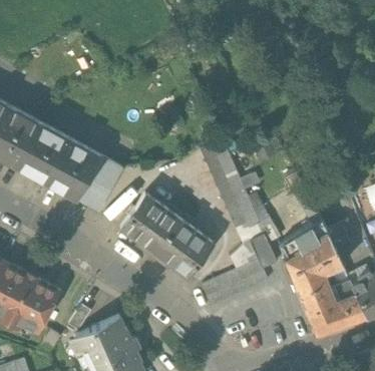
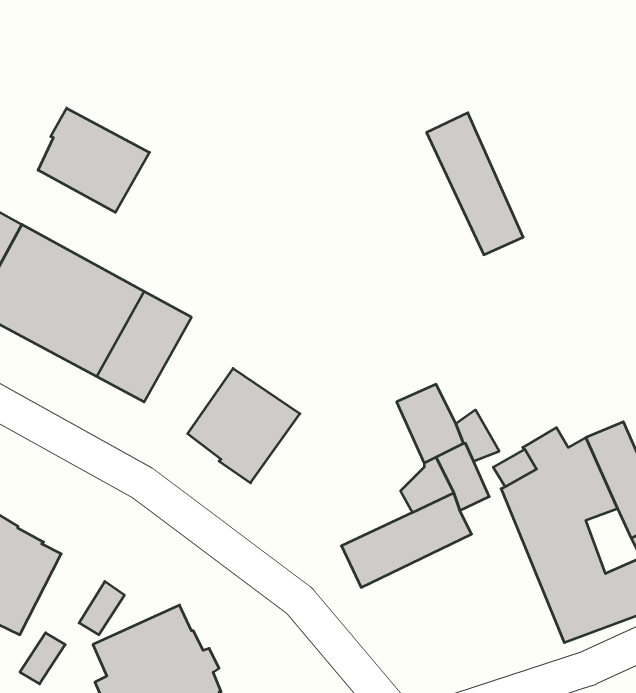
building: none -> [38,108,150,212]
building: [200,139,249,212] -> [427,113,523,255]
building: [154,218,213,275] -> none

